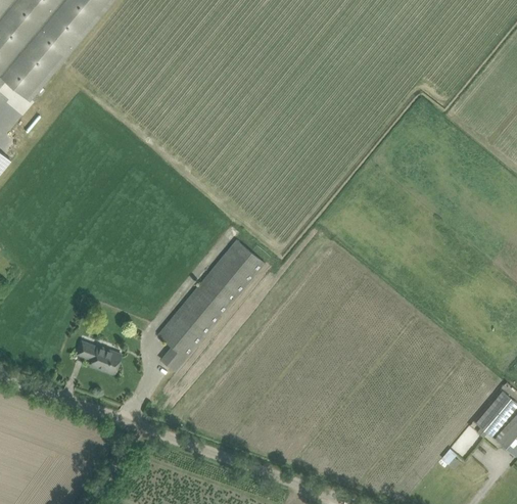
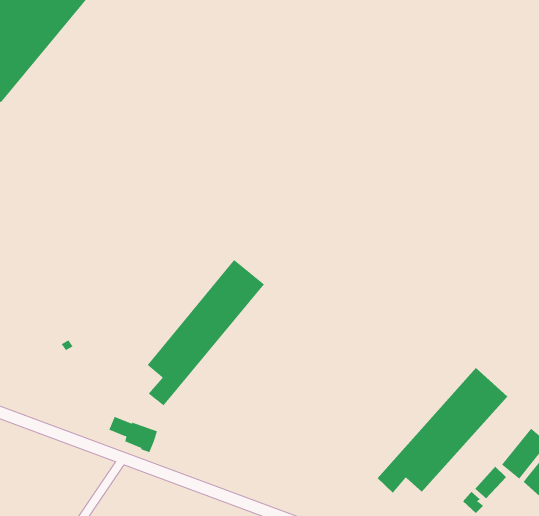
building: none -> [377,367,508,493]
building: [77,340,121,373] -> [108,416,158,453]

